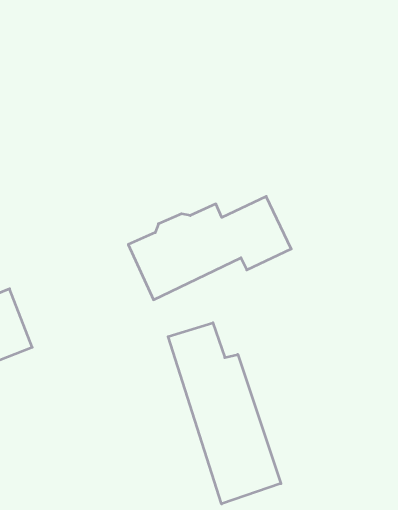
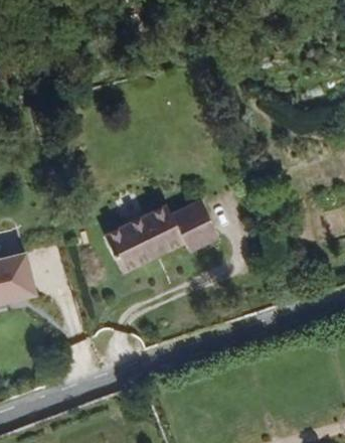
building: [168,323,281,504] -> none

